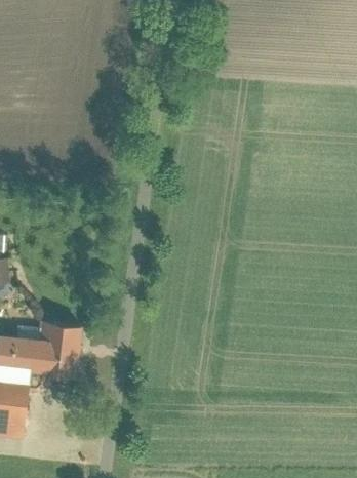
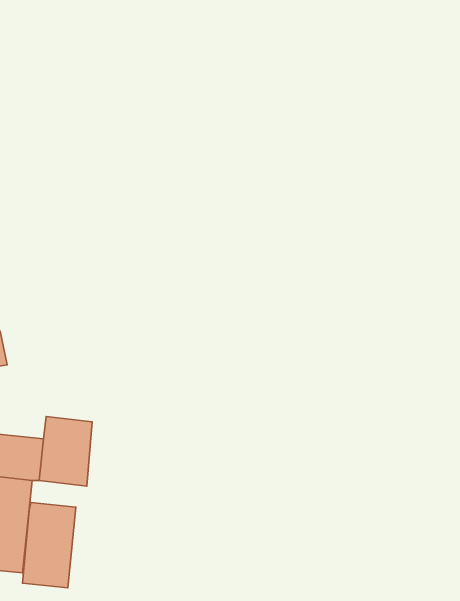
building: none -> [23,502,76,588]

